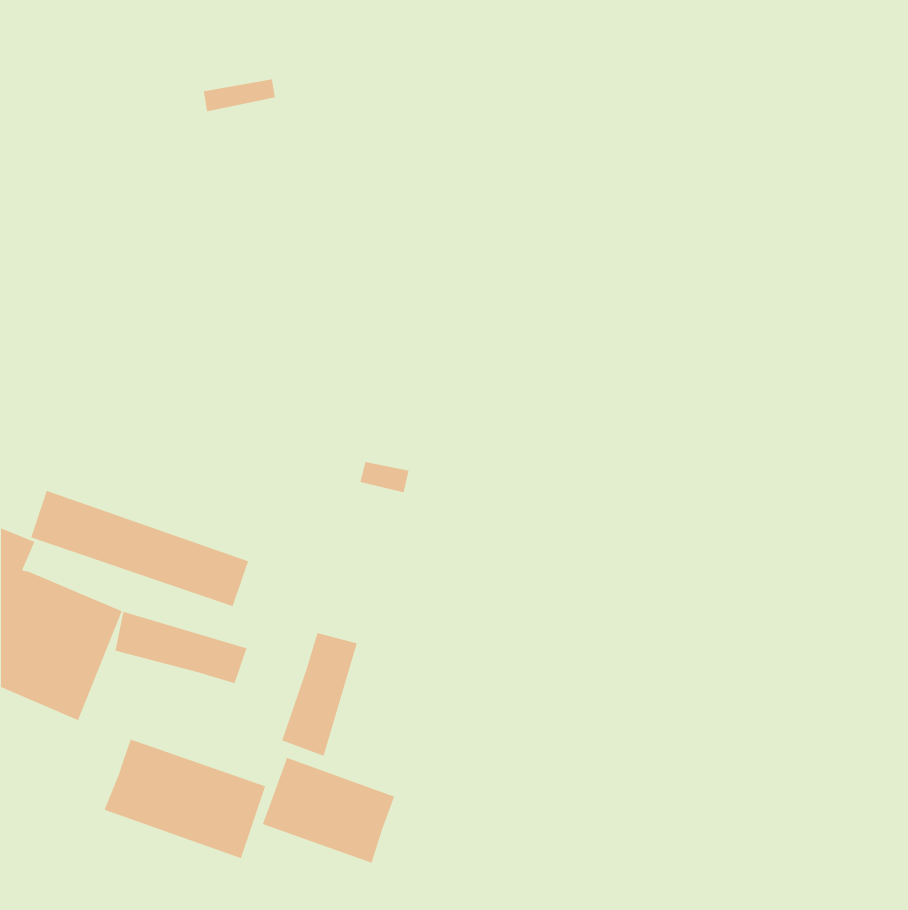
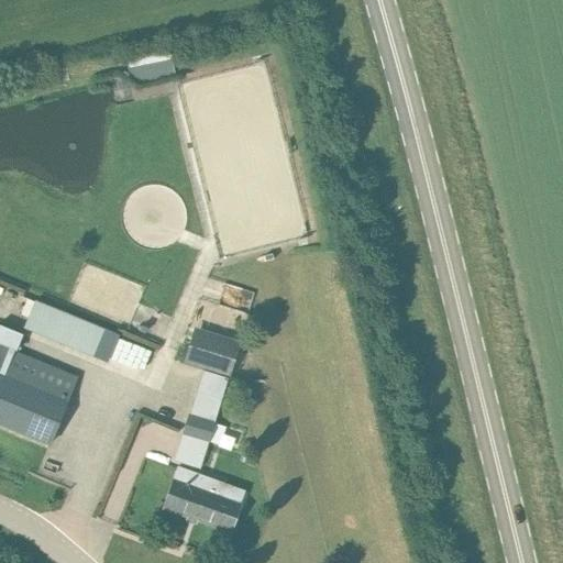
building: none -> [184,328,242,379]
building: [115,611,248,684] -> none
building: [104,738,266,859] -> none

